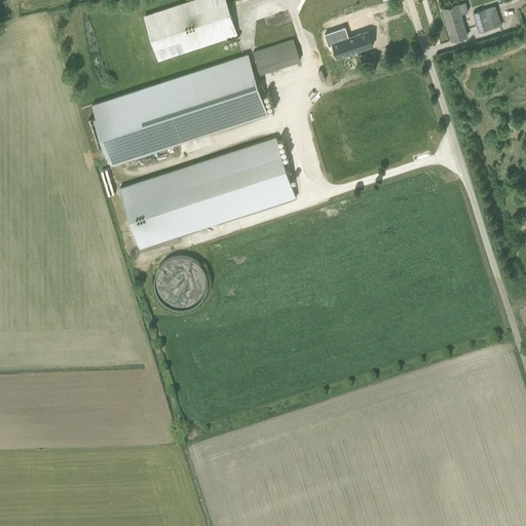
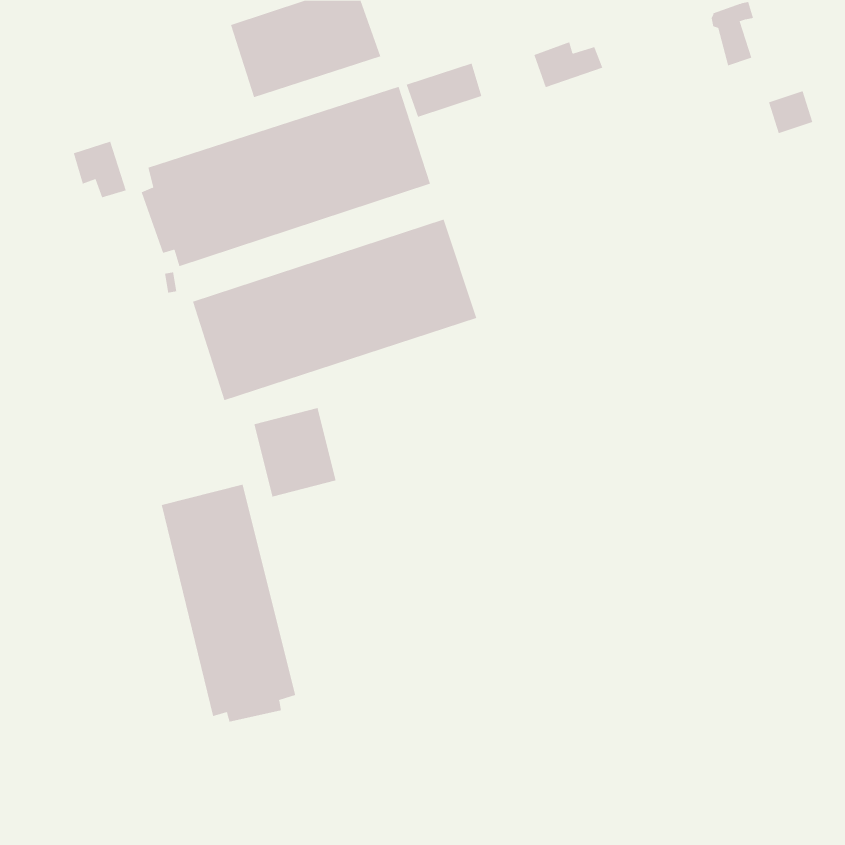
building: [473,6,500,33] -> [768,91,813,134]
building: none -> [73,141,127,198]
building: none -> [161,484,296,723]

